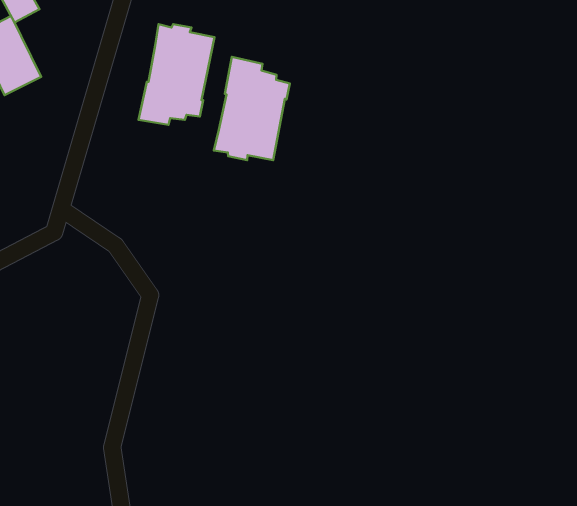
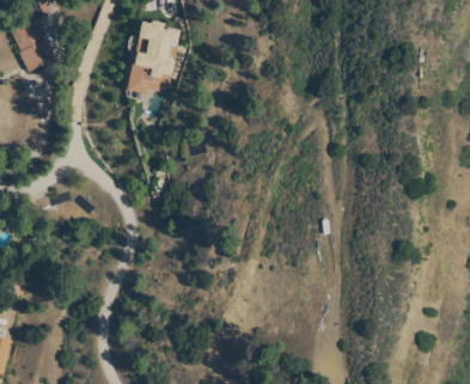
building: [214,57,290,160] -> none

